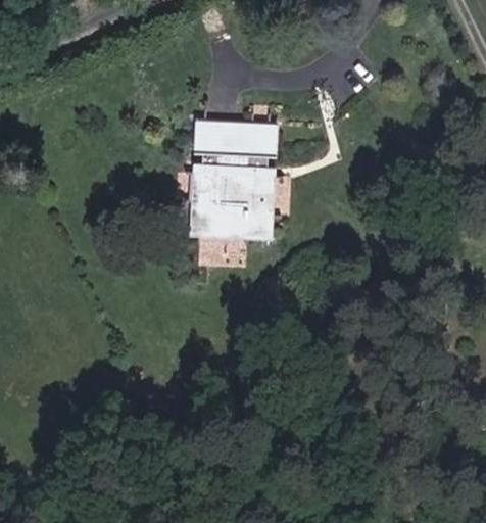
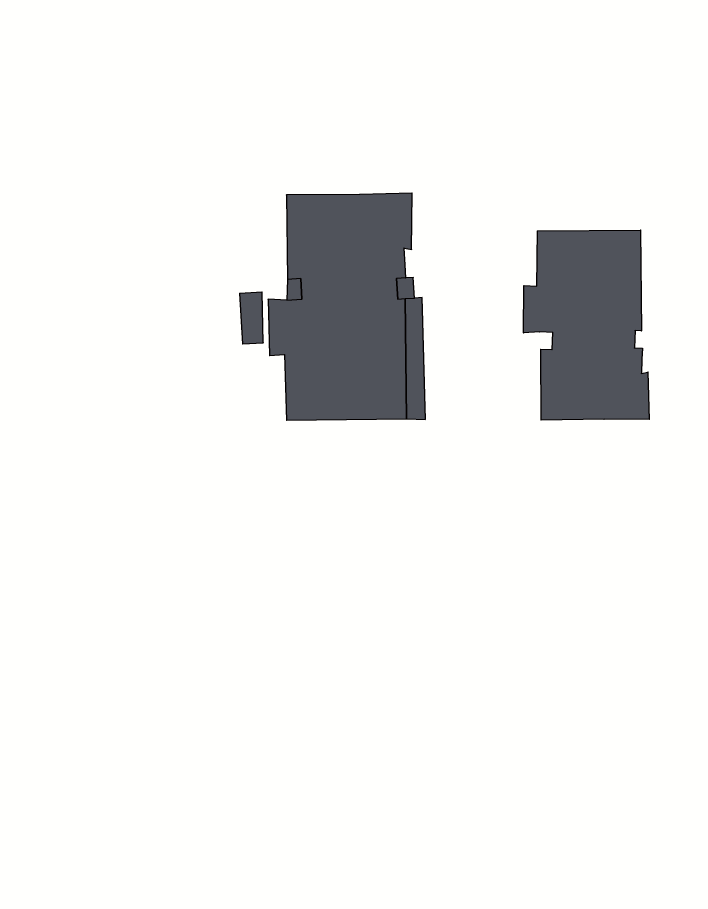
building: none -> [524,230,649,420]

